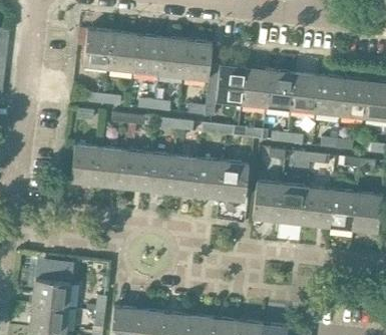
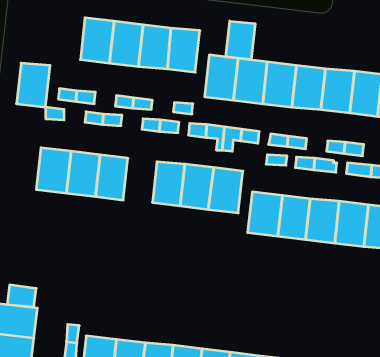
building: [83,30,112,68] -> [16,63,50,107]
building: none -> [226,21,255,59]
building: [145,153,174,192] -> none

